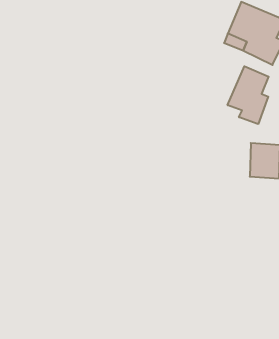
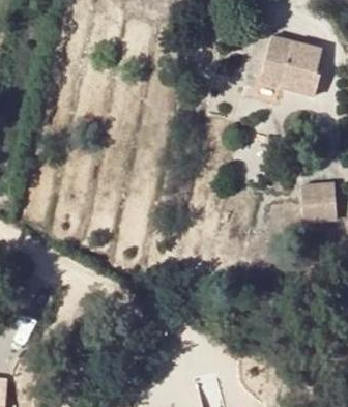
building: [228,66,269,124] -> none

